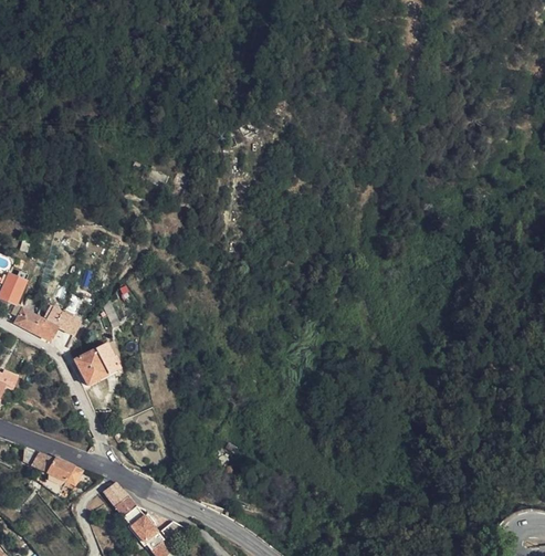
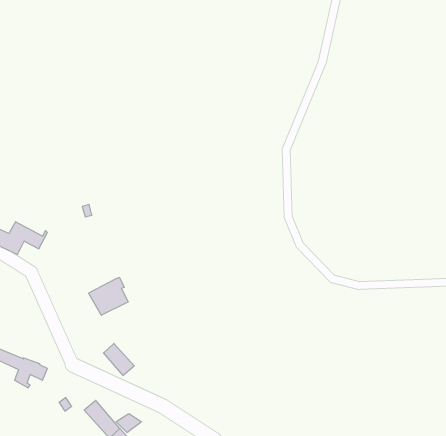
building: [73,342,118,385] -> [89,278,128,315]
building: [104,482,139,518] -> [103,343,134,375]

